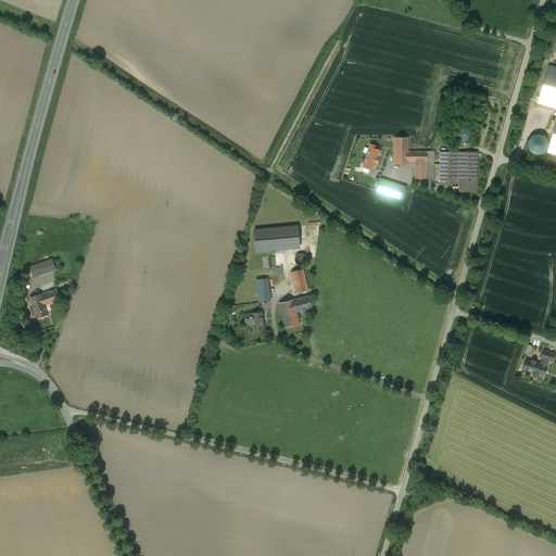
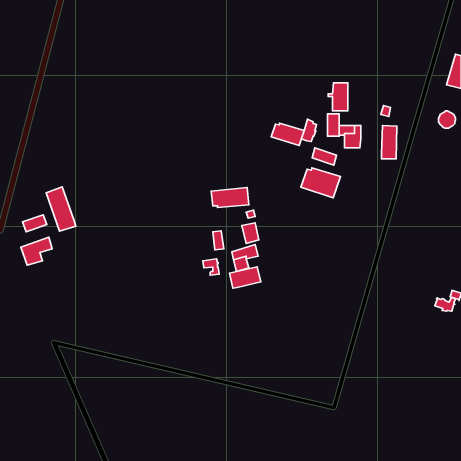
building: none -> [271,123,304,146]
building: [434,151,458,185] -> [328,83,348,111]
building: none -> [301,168,340,198]
building: none -> [46,187,76,231]
building: none -> [230,267,261,288]

